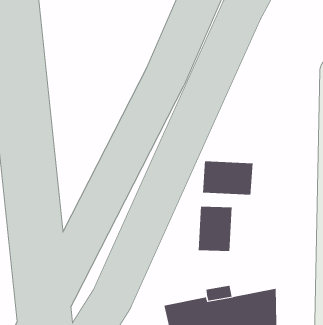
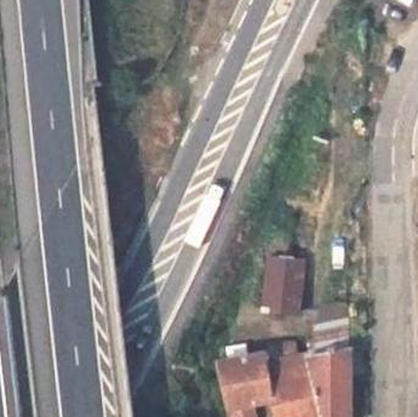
building: [202,161,253,196] -> none

